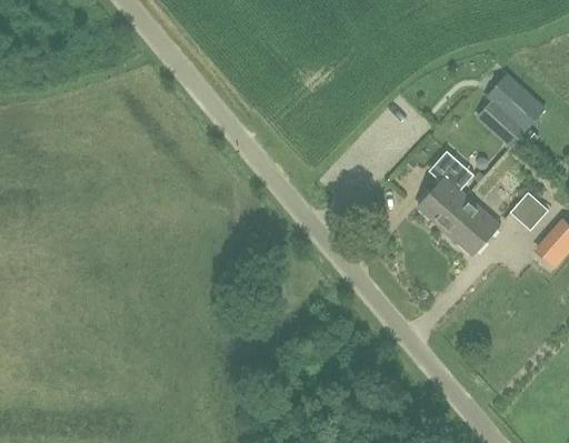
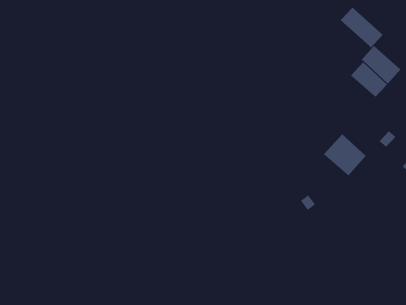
building: none -> [340,7,383,48]
building: [418,151,473,224] -> none

